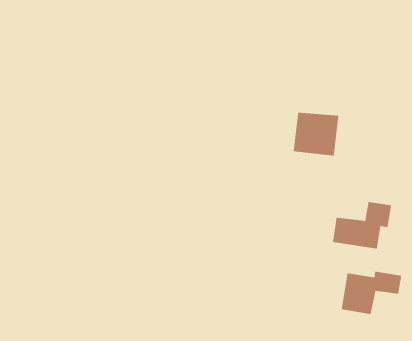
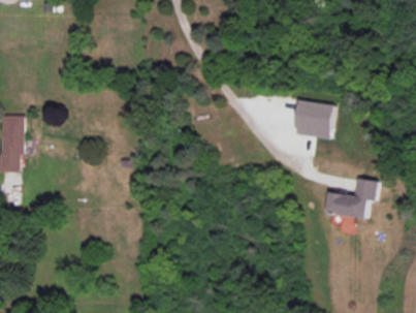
building: [341,271,402,315] -> none

